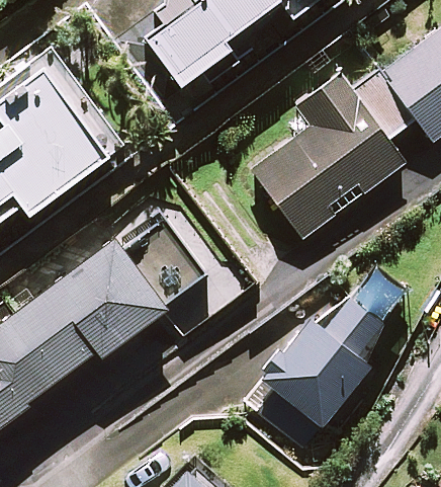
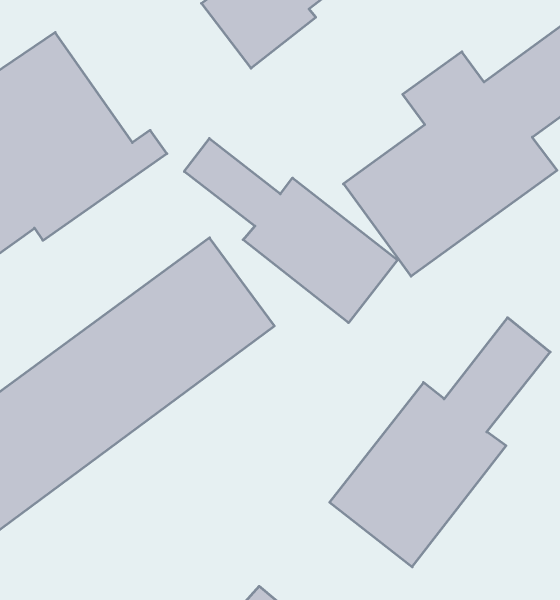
building: none -> [184,138,397,323]

